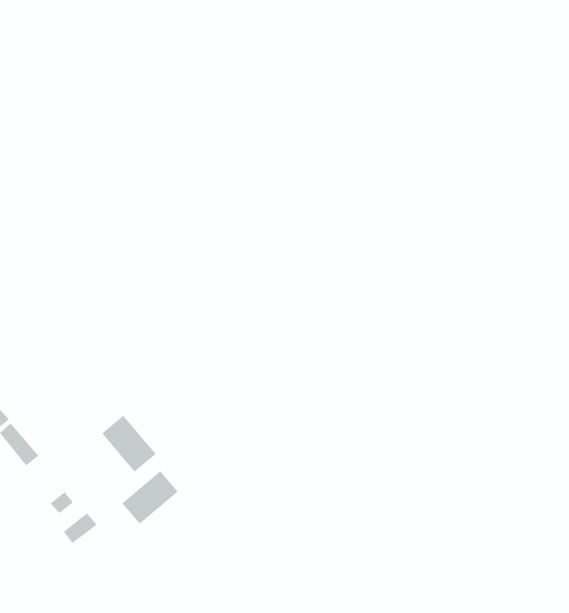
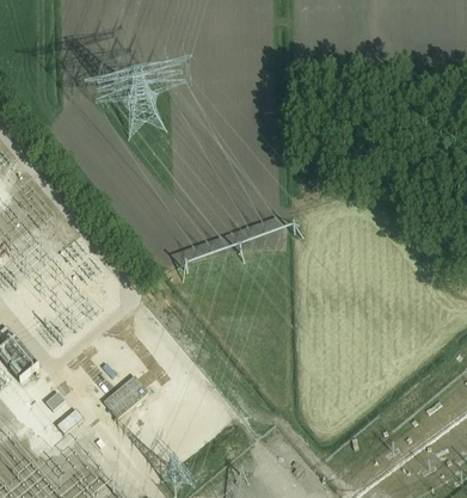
building: [101,415,156,472] -> none

